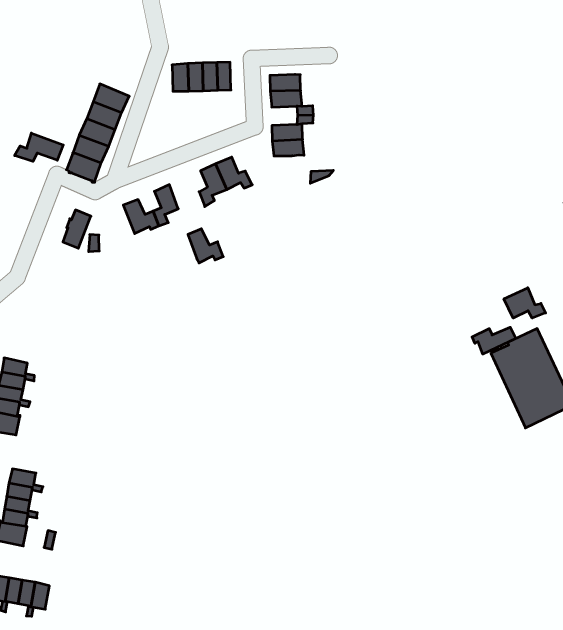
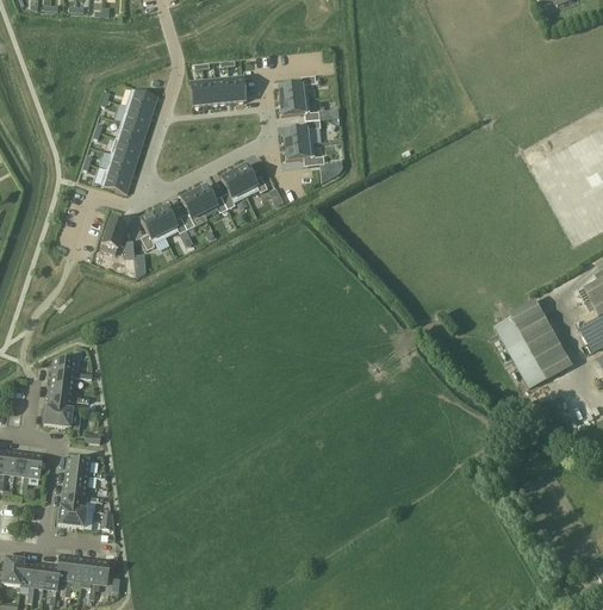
building: none -> [125,87,158,113]
building: [15,133,63,161] -> none
building: none -> [141,212,166,249]
building: [188,229,223,263] -> [194,185,228,216]
building: [504,288,546,318] -> none
building: [472,327,516,354] -> none

